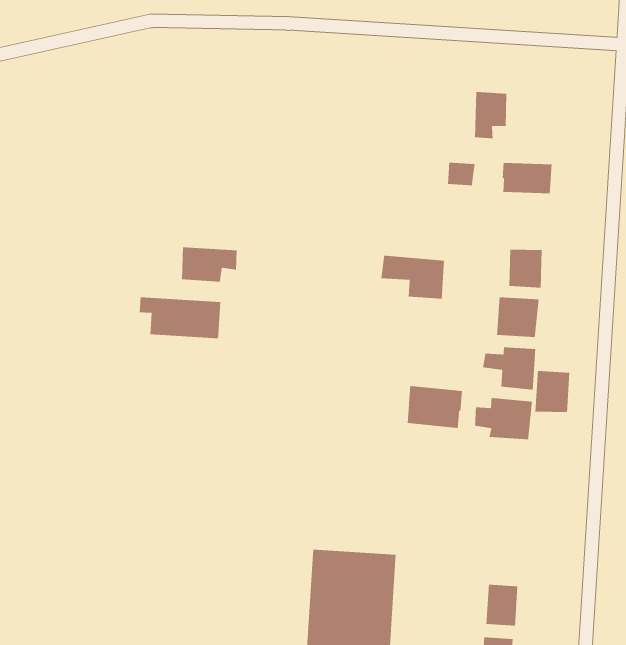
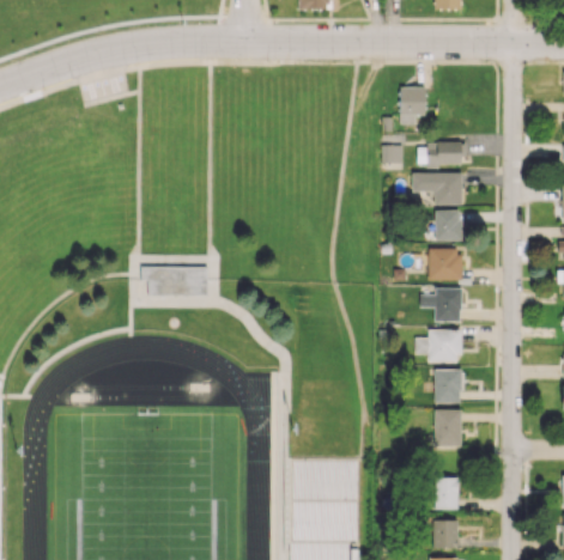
building: [181,246,237,283] -> none
building: [380,255,445,299] -> [412,172,462,205]
building: [535,370,570,413] -> [435,370,461,403]
building: [407,385,463,429] -> none
building: none -> [435,409,461,446]

